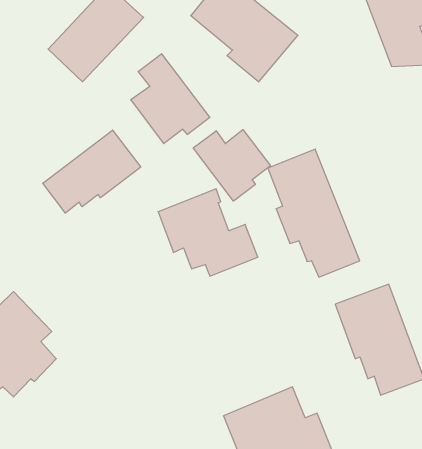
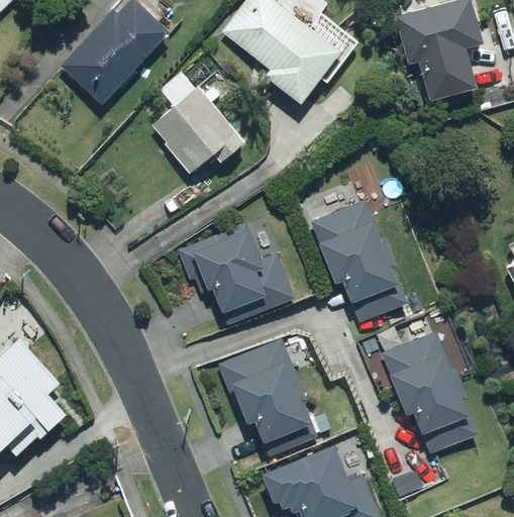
building: [193,130,270,201] -> none
building: [43,130,141,213] -> none
building: none -> [218,340,311,445]

